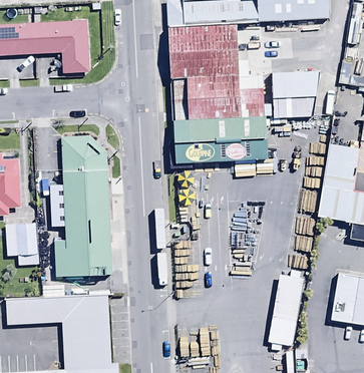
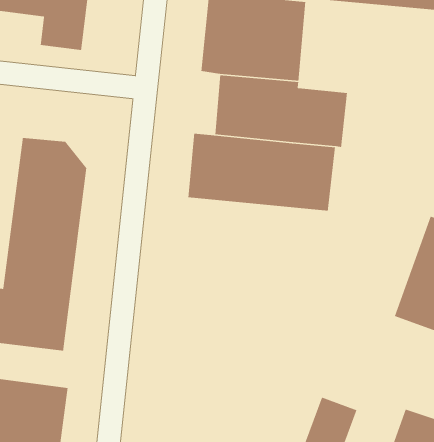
building: [270,69,321,118] -> none

